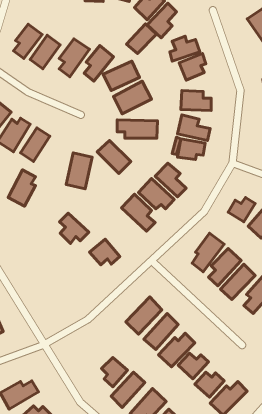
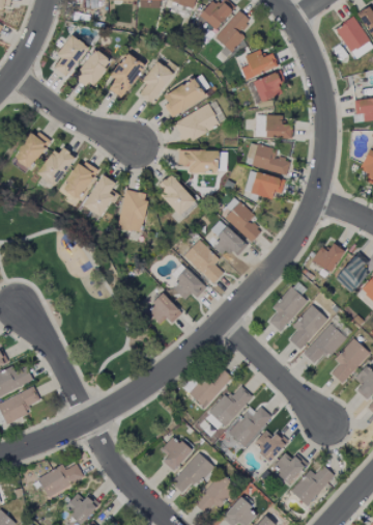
building: [127,24,156,54] -> none
building: [8,170,36,206] -> [83,174,116,218]
building: [59,213,89,243] -> [171,265,206,301]

